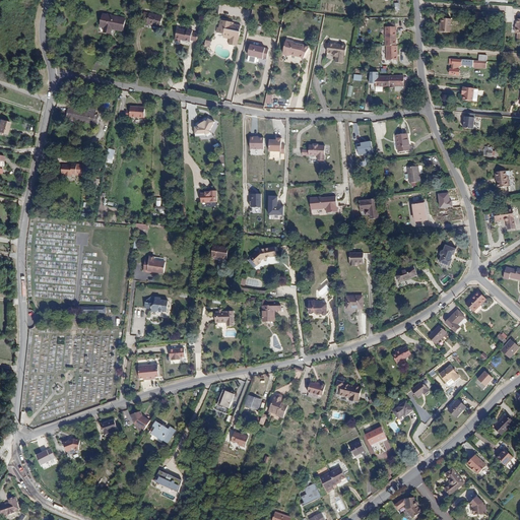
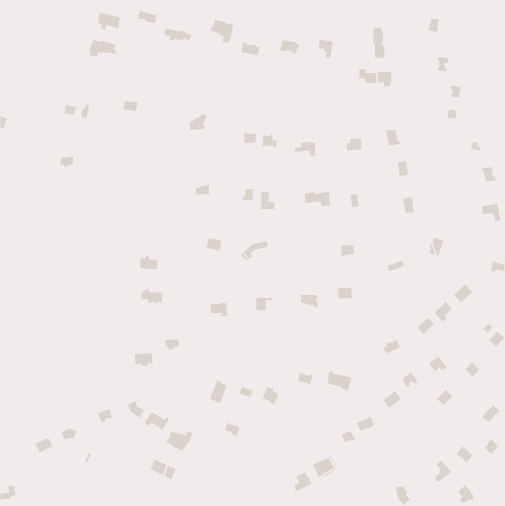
building: none -> [88,39,117,58]
building: none -> [165,429,194,452]

